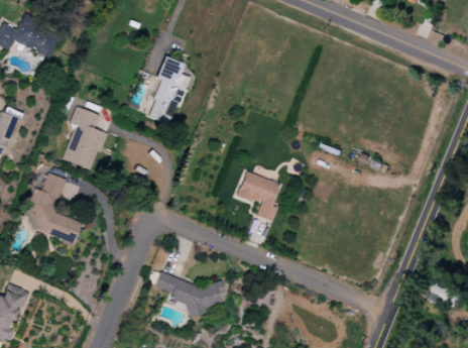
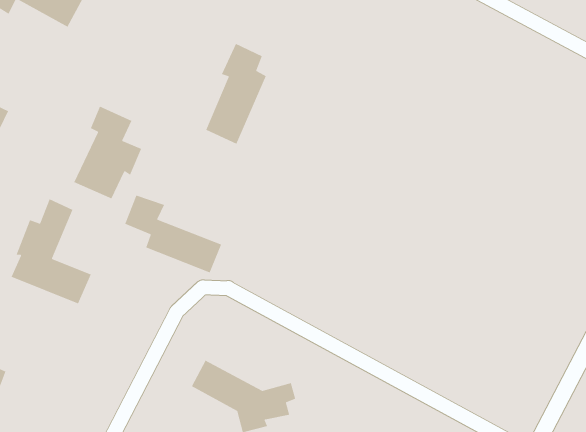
building: none -> [124,194,222,274]
building: [235,168,282,222] -> none

